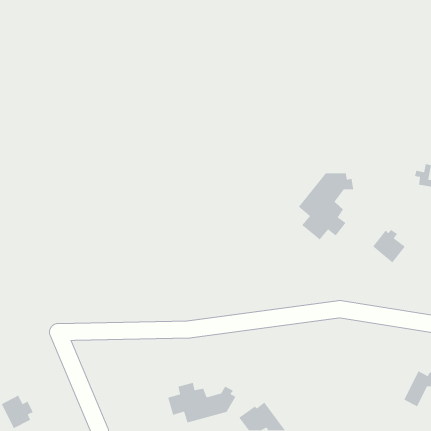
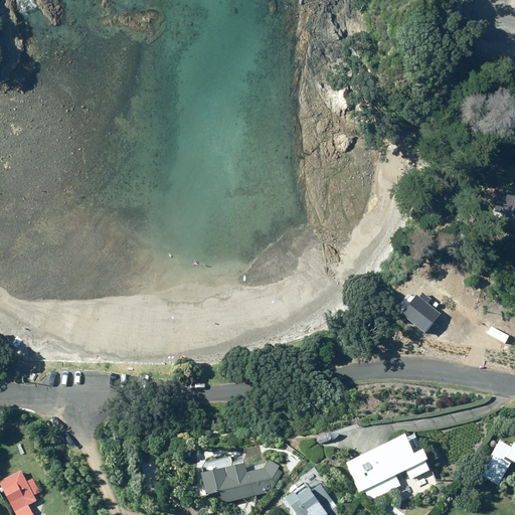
building: [298,172,354,240] -> none
building: [372,229,406,263] -> [400,292,441,333]
building: none -> [346,435,428,500]

